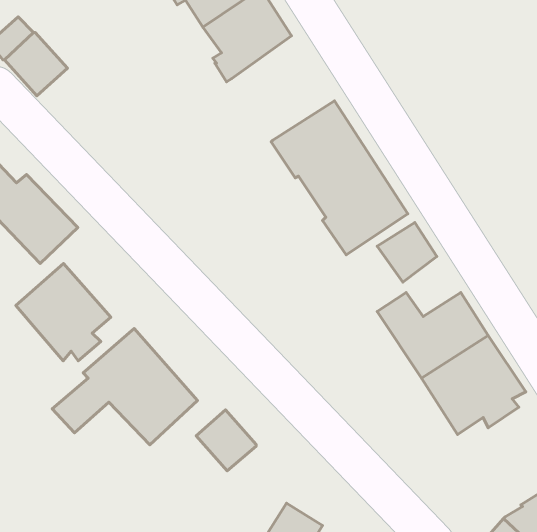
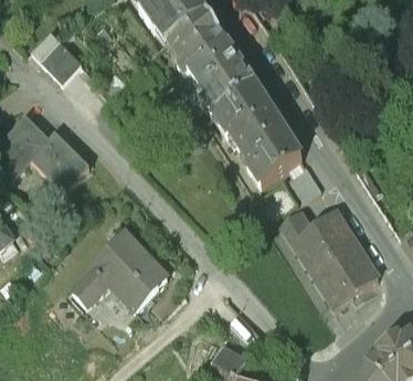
building: none -> [189,46,255,114]
building: [16,264,111,361] -> none
building: [196,410,256,471] -> none

